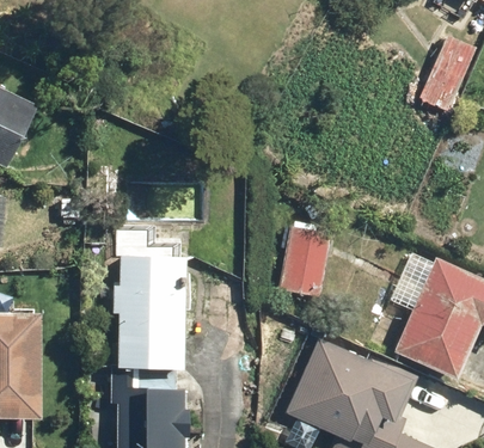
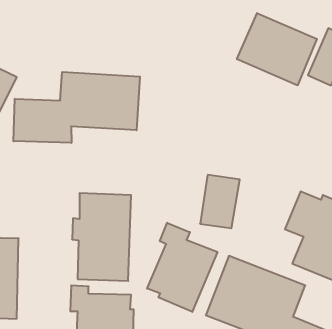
building: none -> [237,13,317,85]
building: none -> [13,72,140,143]
building: none -> [147,223,217,312]

